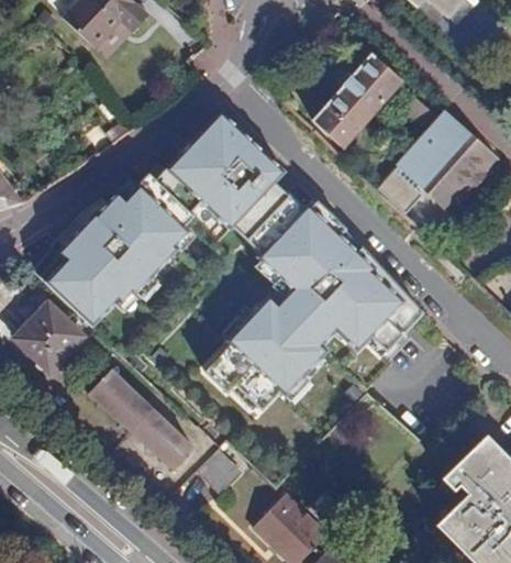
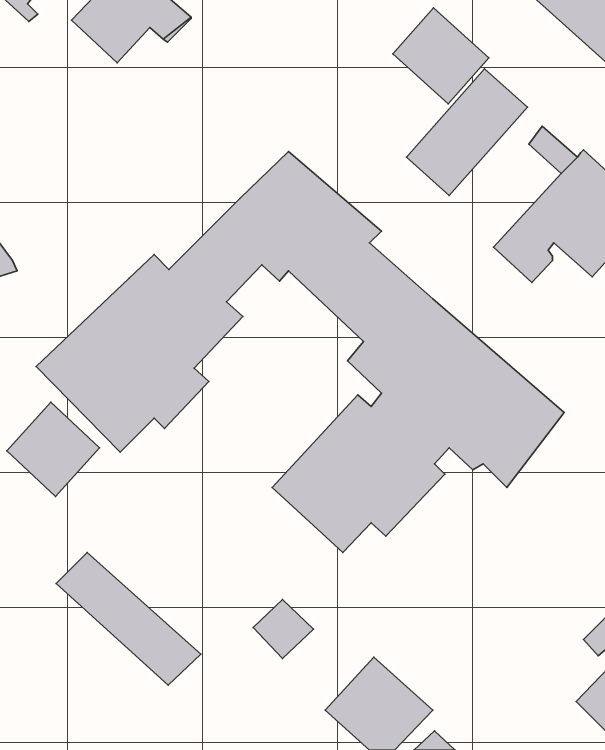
building: none -> [393,8,489,104]
building: [88,369,196,468] -> [56,552,201,685]

